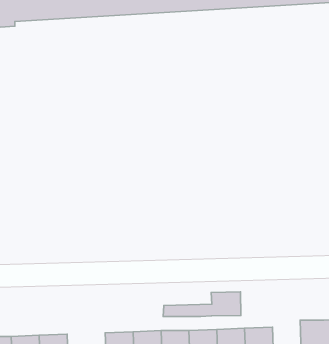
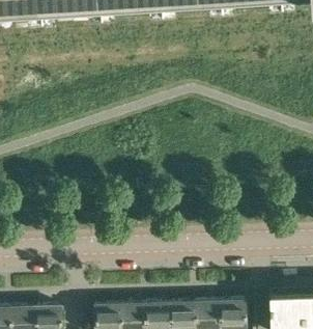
building: [163,292,241,317] -> none

